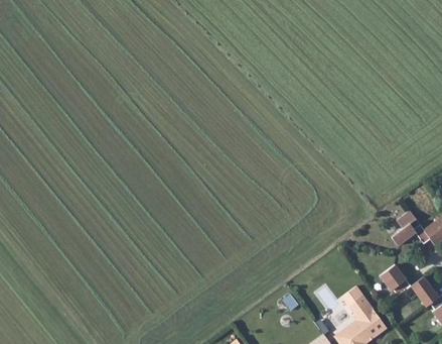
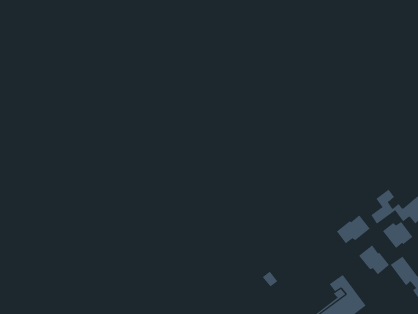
building: none -> [336,214,370,244]
building: none -> [382,221,413,249]

